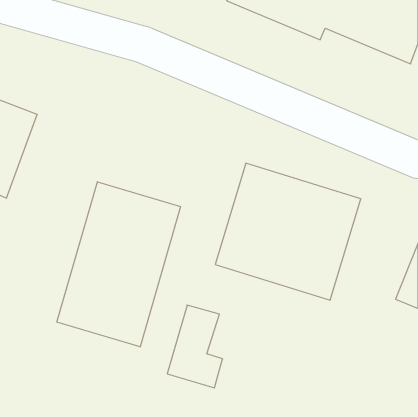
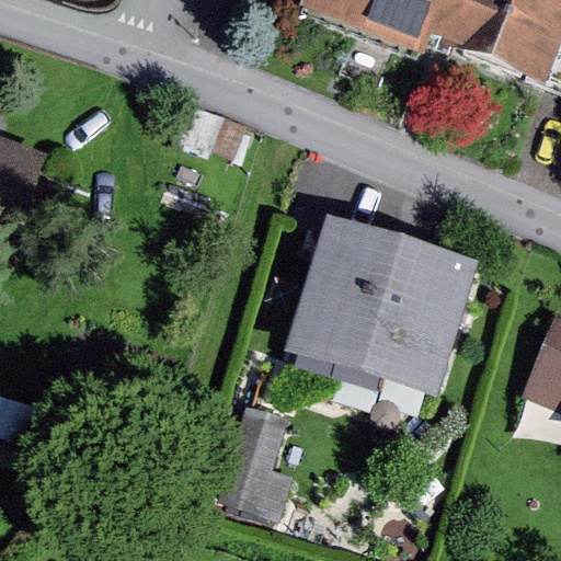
building: [57,182,181,347] -> none

